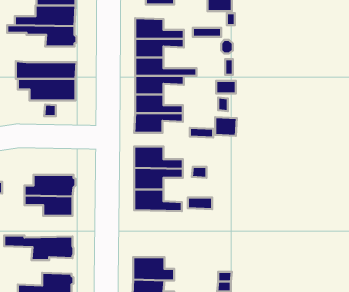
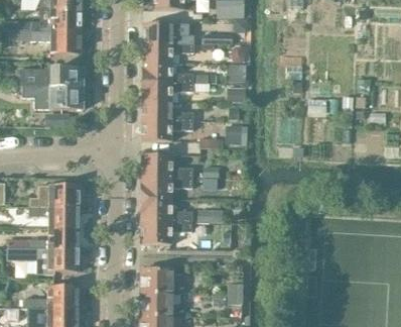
building: none -> [141,222,191,245]
building: none -> [8,228,79,250]

